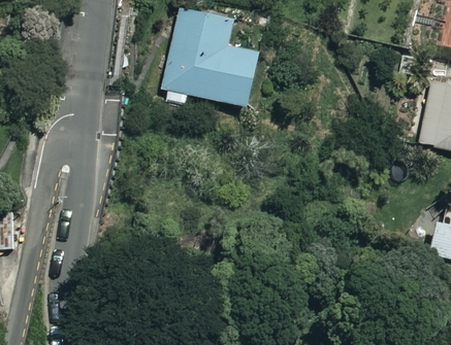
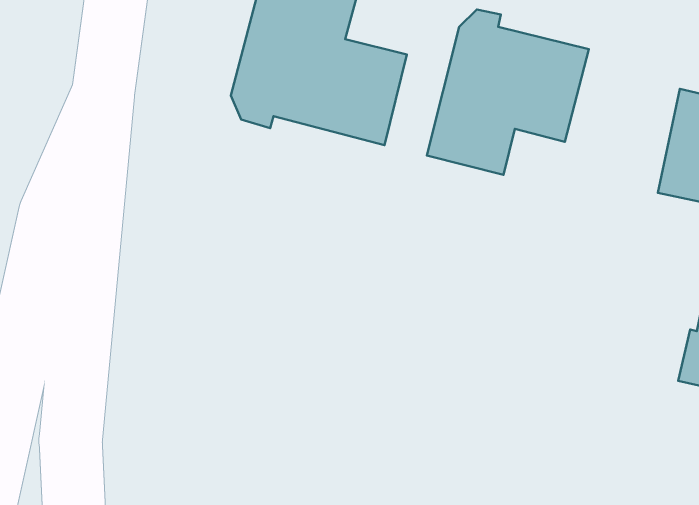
building: none -> [427,9,589,175]

